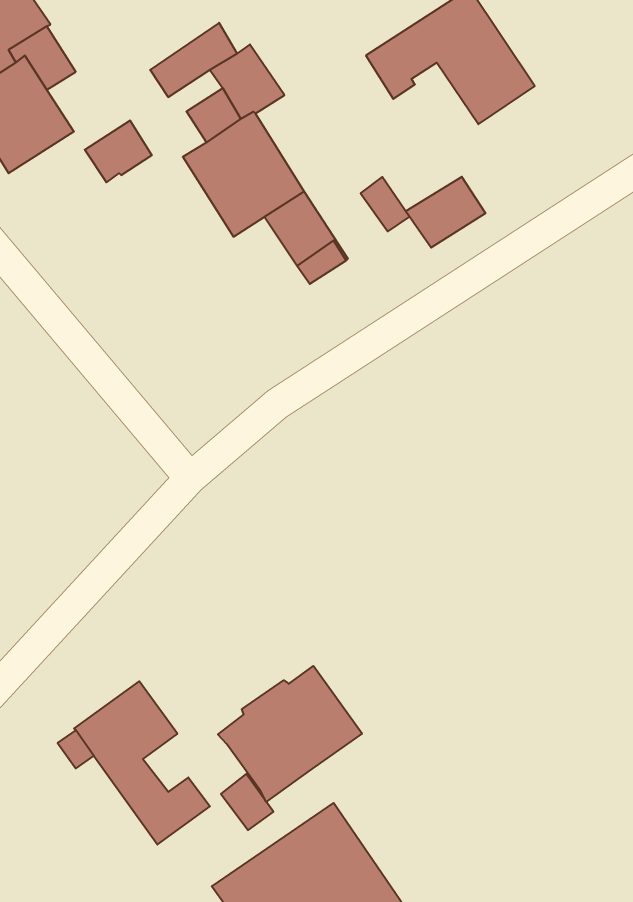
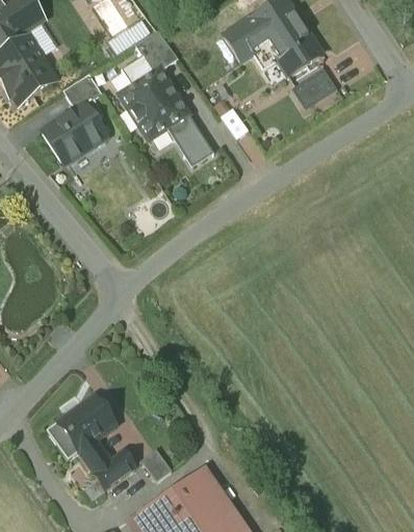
building: none -> [45,104,104,162]
building: [406,177,486,248] -> [290,69,336,109]
building: [218,666,362,802] -> none

